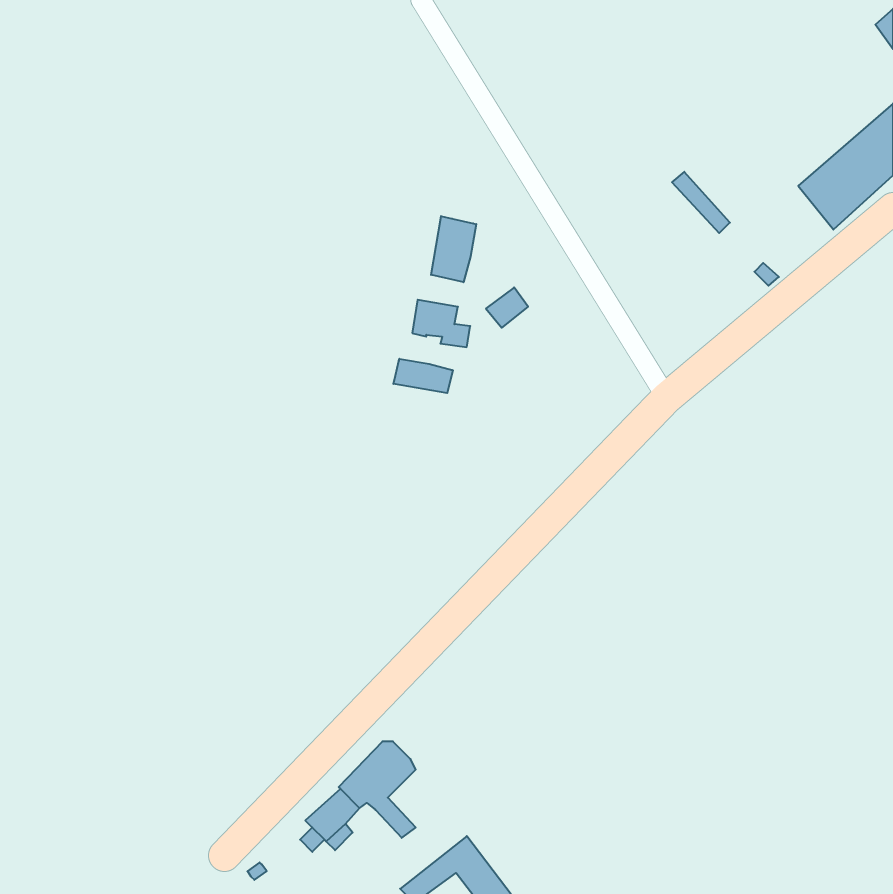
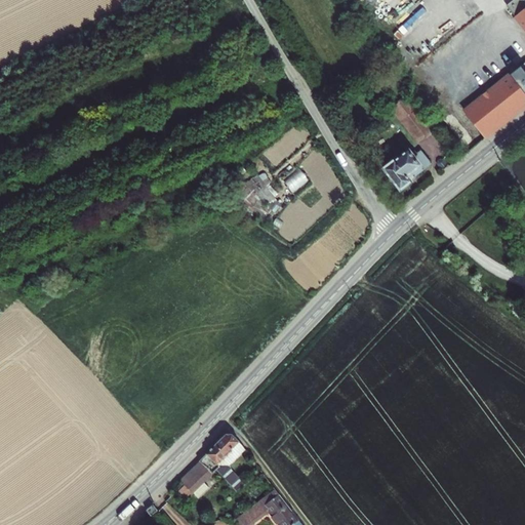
building: [431,216,476,282] -> none
building: none -> [388,148,434,188]
building: [393,359,453,393] -> none

